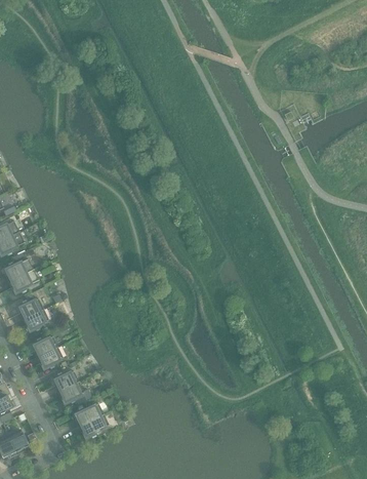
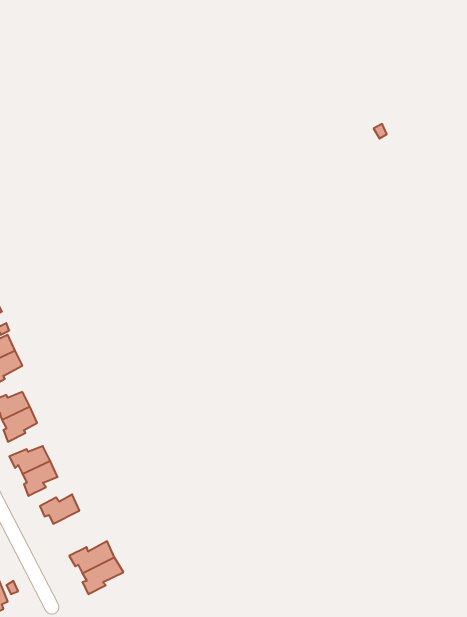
building: [59,382,91,405] -> none

